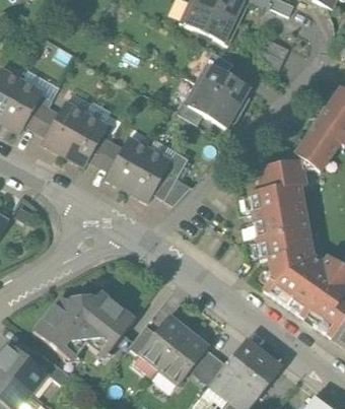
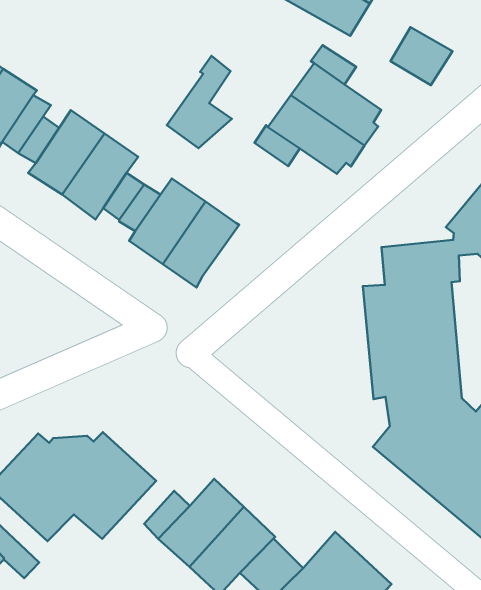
building: [151,150,190,206] -> [167,56,232,148]

